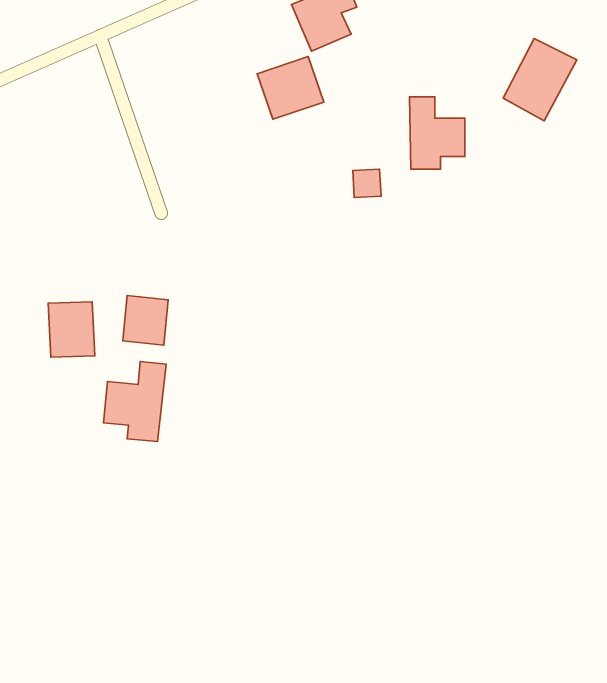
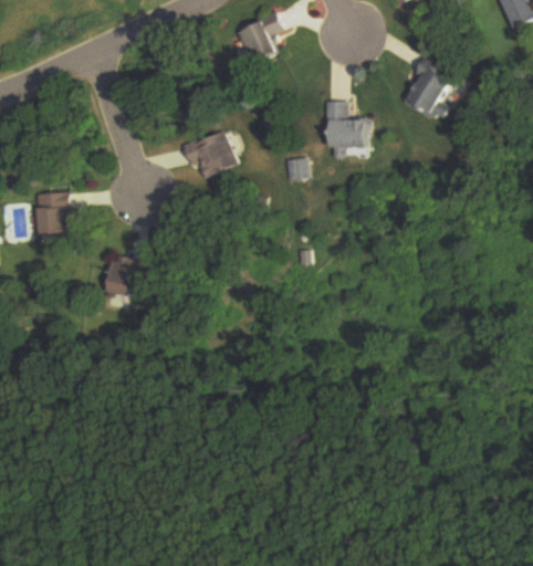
building: [257,57,324,119] -> [185,130,237,179]
building: [48,302,95,357] -> [34,192,71,235]
building: [104,362,166,442] -> none

